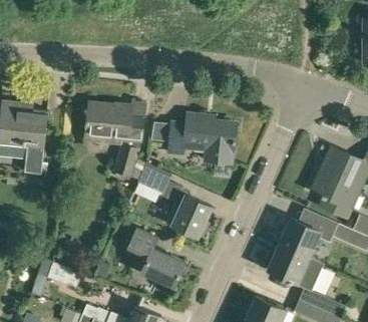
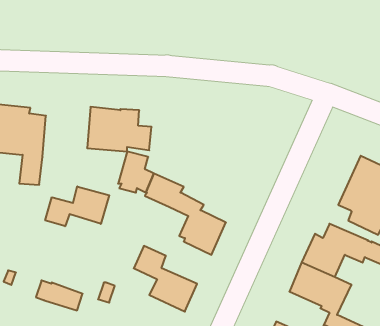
building: [168,114,237,164] -> none
building: none -> [45,186,109,226]

